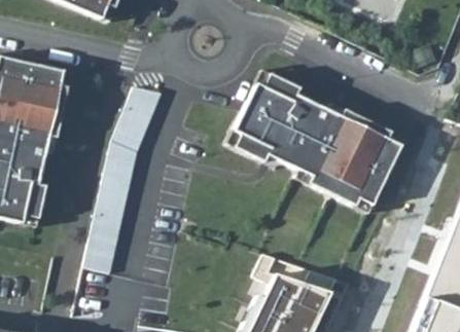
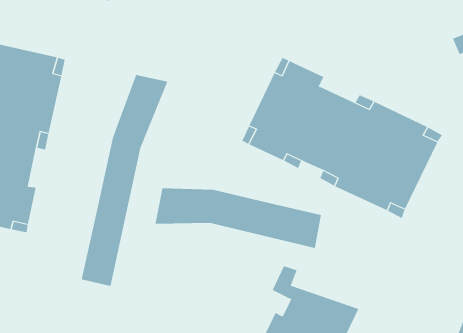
building: none -> [155,188,322,249]

